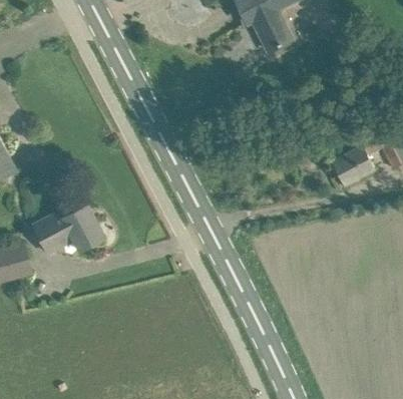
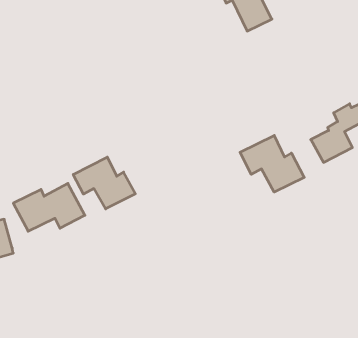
building: none -> [240,135,304,192]
building: none -> [73,157,135,209]

